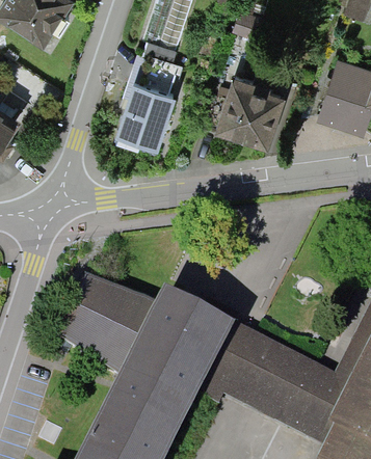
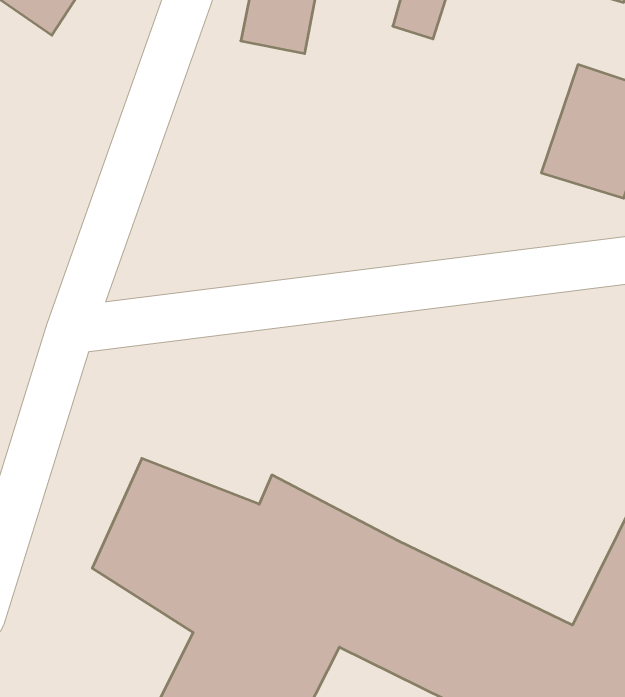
building: [113,47,186,150] -> none
building: [218,72,284,138] -> none

